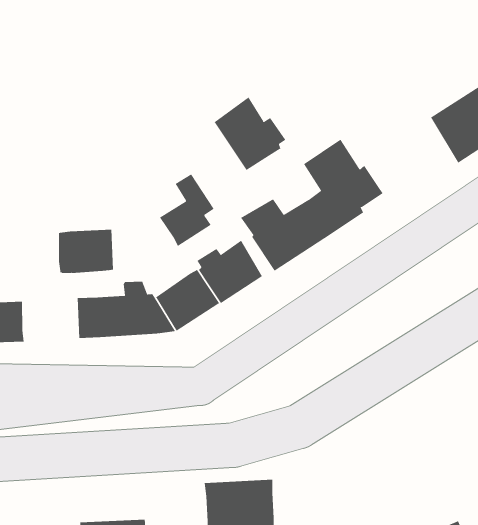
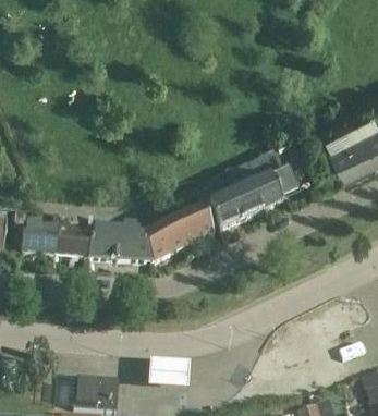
building: [214,96,286,171] -> none
building: [159,174,215,247] -> none
building: [58,229,114,273] -> [51,228,88,256]

